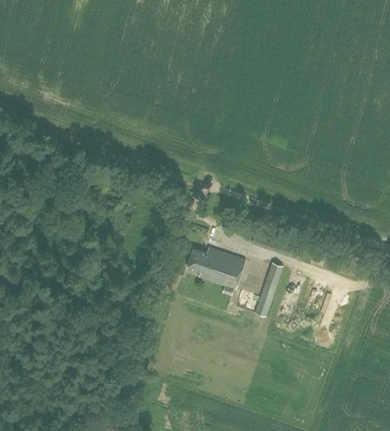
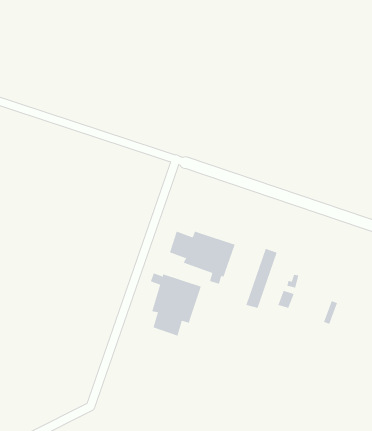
building: none -> [150,272,202,336]

